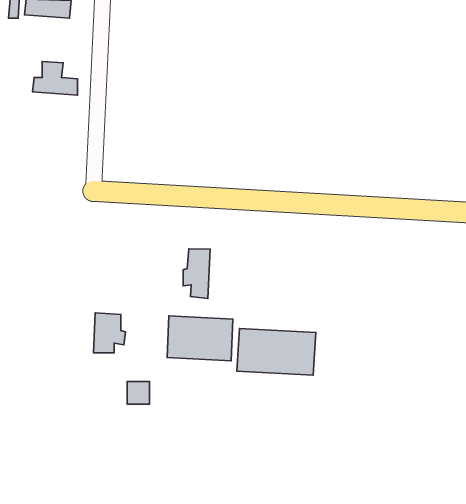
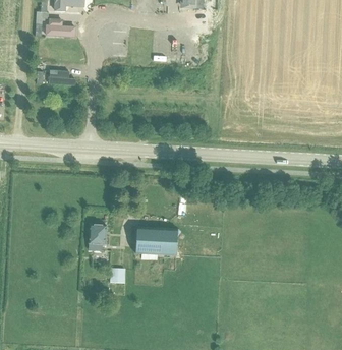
building: [183,249,210,299] -> none
building: [237,329,316,375] -> none

